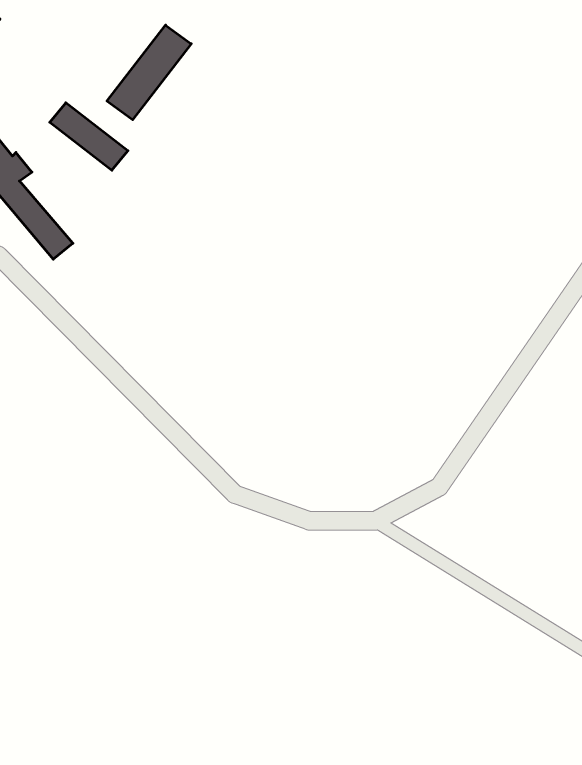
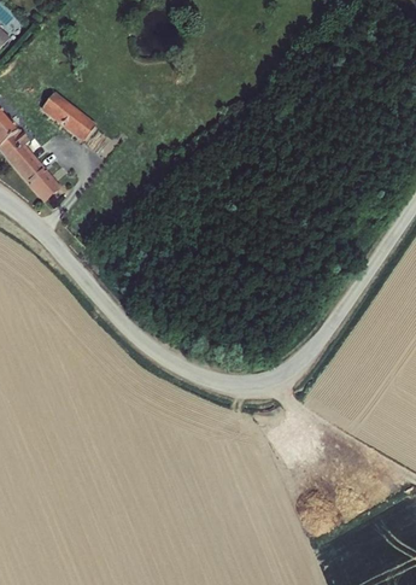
building: [107,25,191,120] -> none

